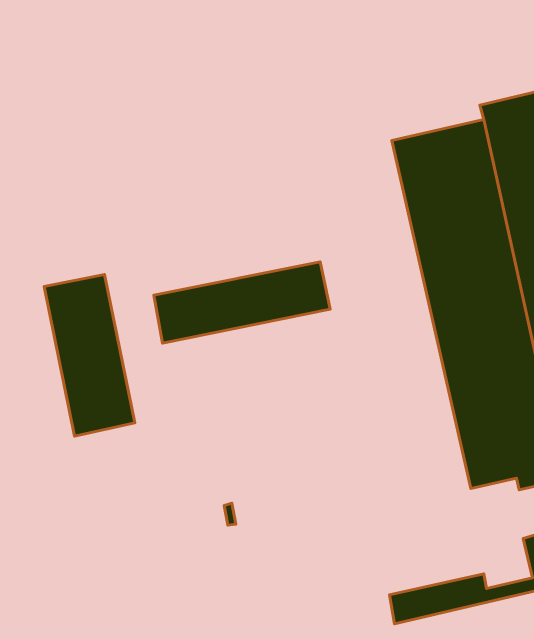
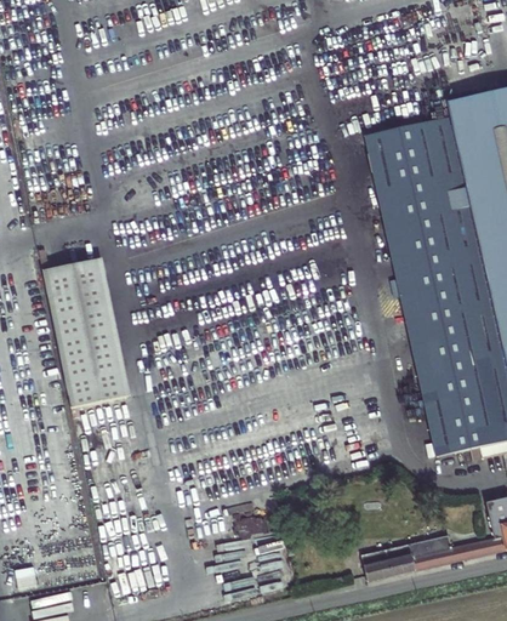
building: [154,262,330,343] -> none

